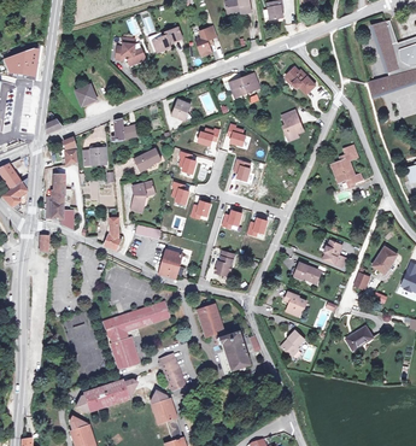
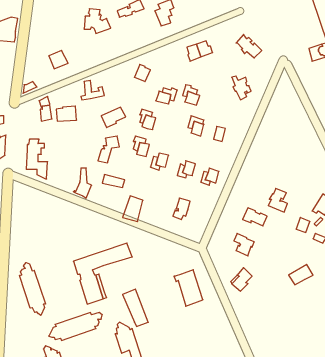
building: [330,143,362,188] -> none
building: [195,304,222,338] -> none
building: none -> [20,263,46,315]

